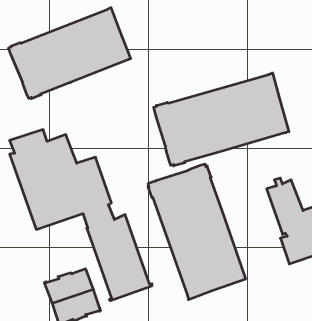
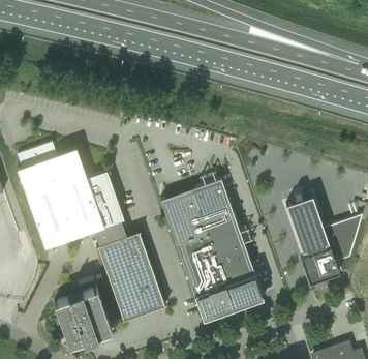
building: [9,8,131,99] -> none
building: [154,73,289,166] -> none

